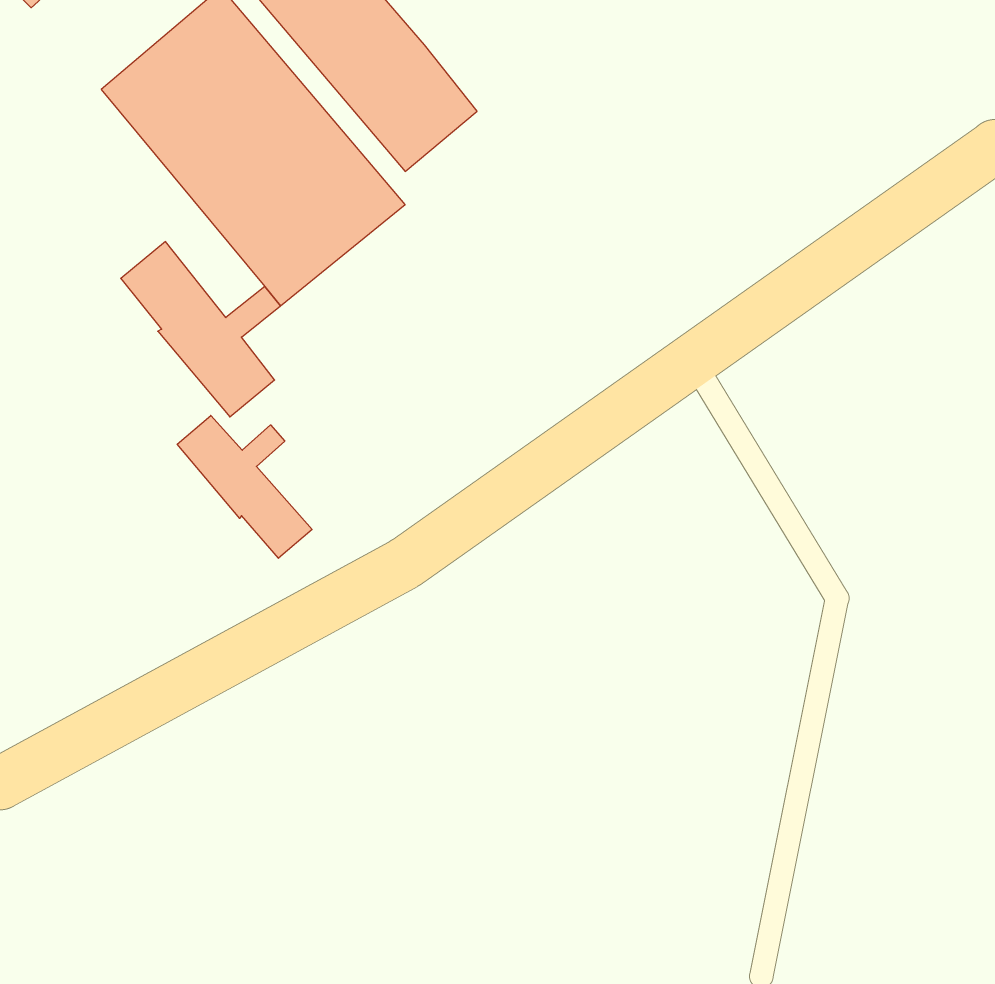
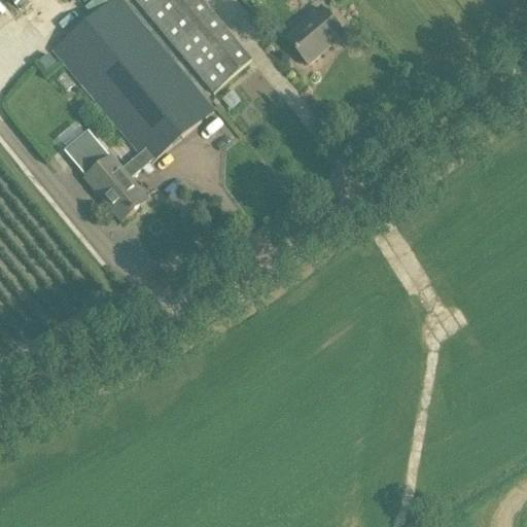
building: none -> [285,5,344,62]
building: [177,415,312,558] -> none

